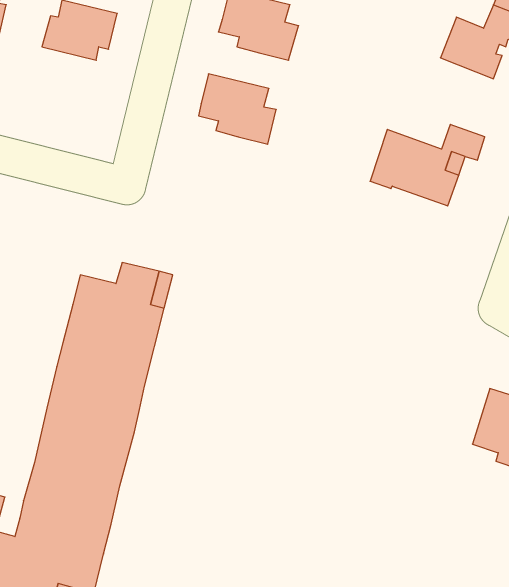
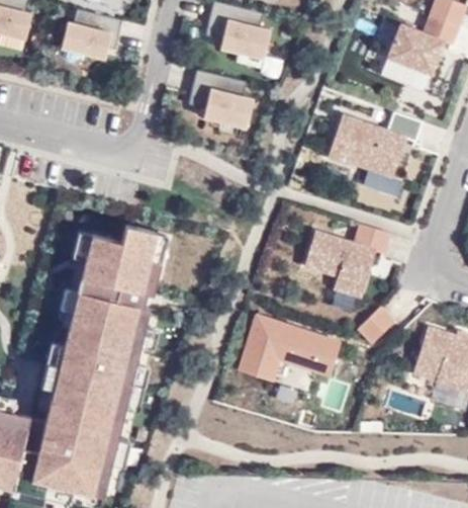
building: none -> [305,225,390,297]
building: none -> [355,309,397,350]
building: none -> [239,314,341,382]

